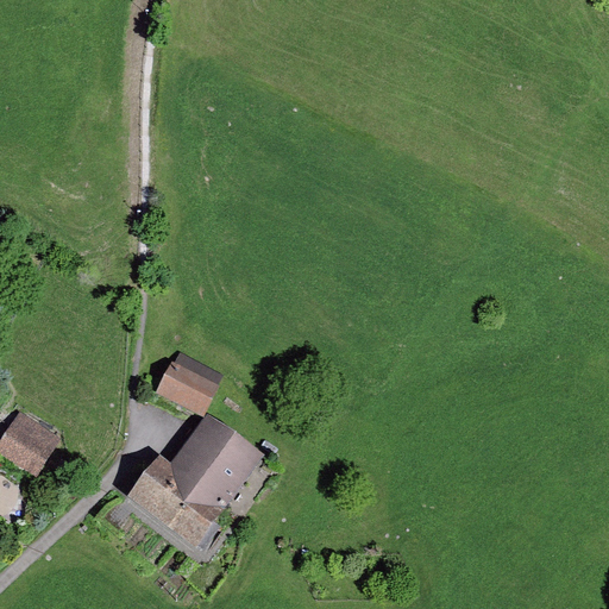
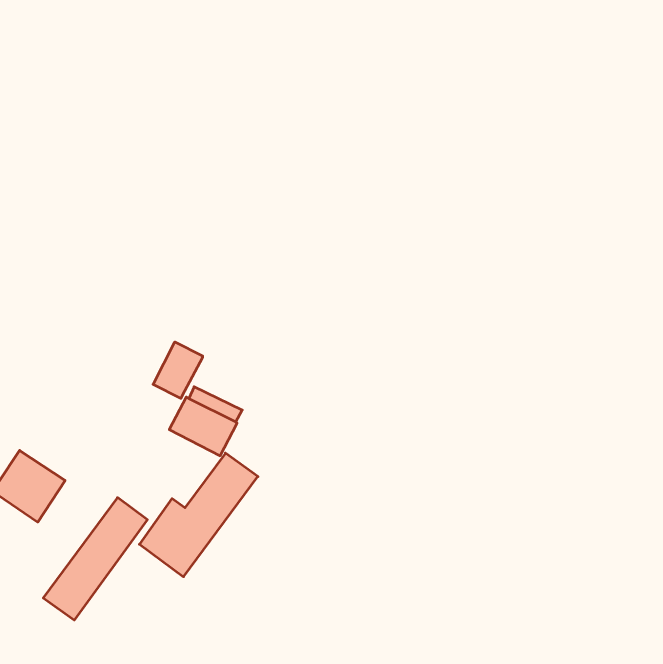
building: none -> [153,342,203,398]
building: [168,435,263,547] -> [43,498,147,620]

